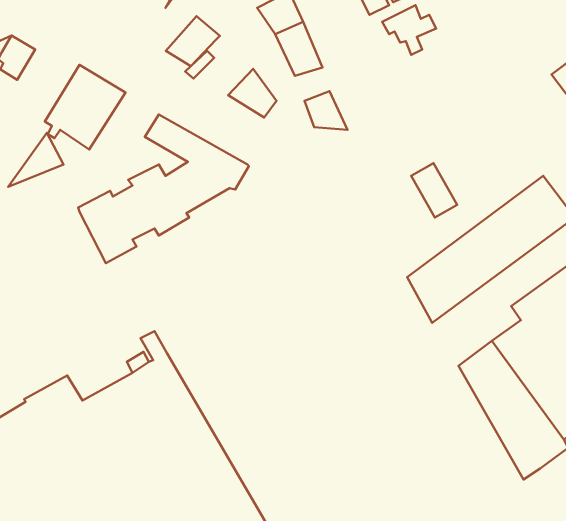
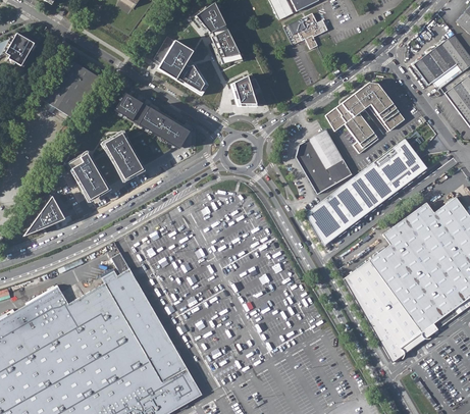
building: [166,16,220,66] -> [157,42,197,79]
building: none -> [326,82,405,153]
building: [8,133,64,187] -> [24,195,65,235]
building: none -> [296,138,352,194]

